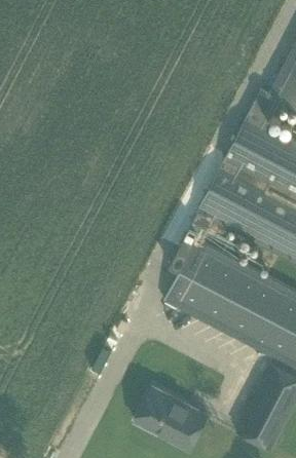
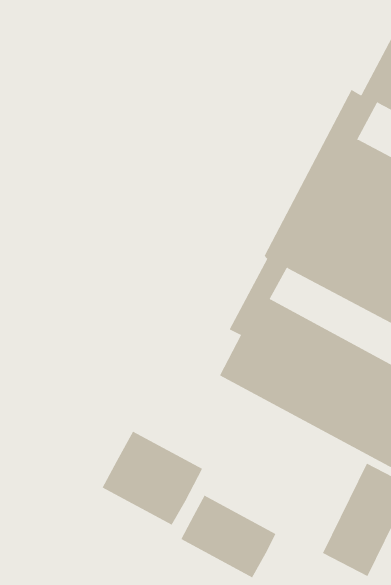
building: none -> [102,431,203,526]

